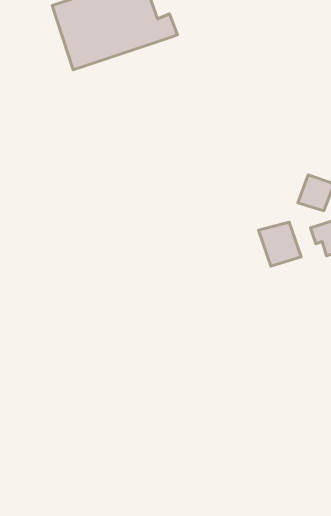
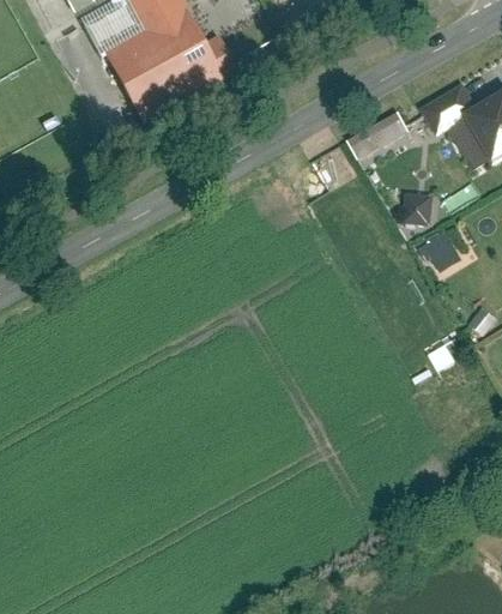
building: none -> [343,109,406,158]
building: [258,222,301,266] -> none

